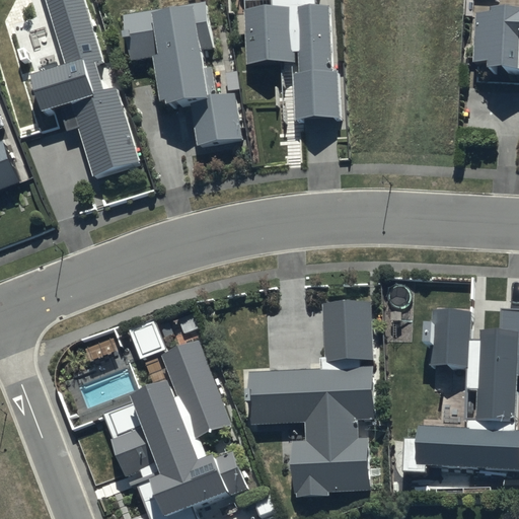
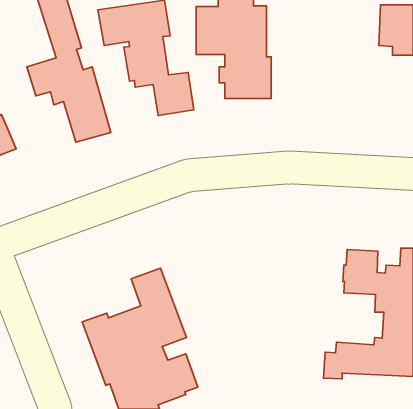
building: [248,302,375,500] -> none

